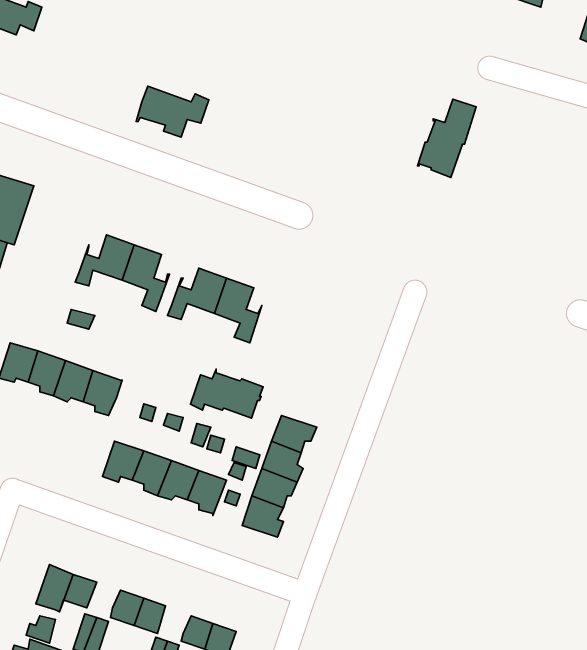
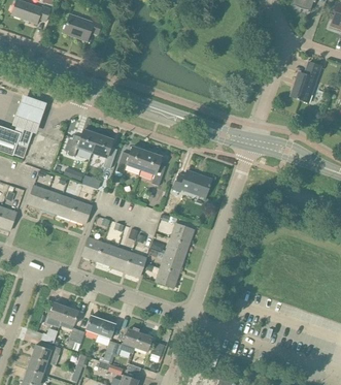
building: [136,86,209,137] -> [63,14,101,41]
building: [417,99,476,178] -> [291,62,321,103]
building: [191,369,263,418] -> [173,170,211,196]

